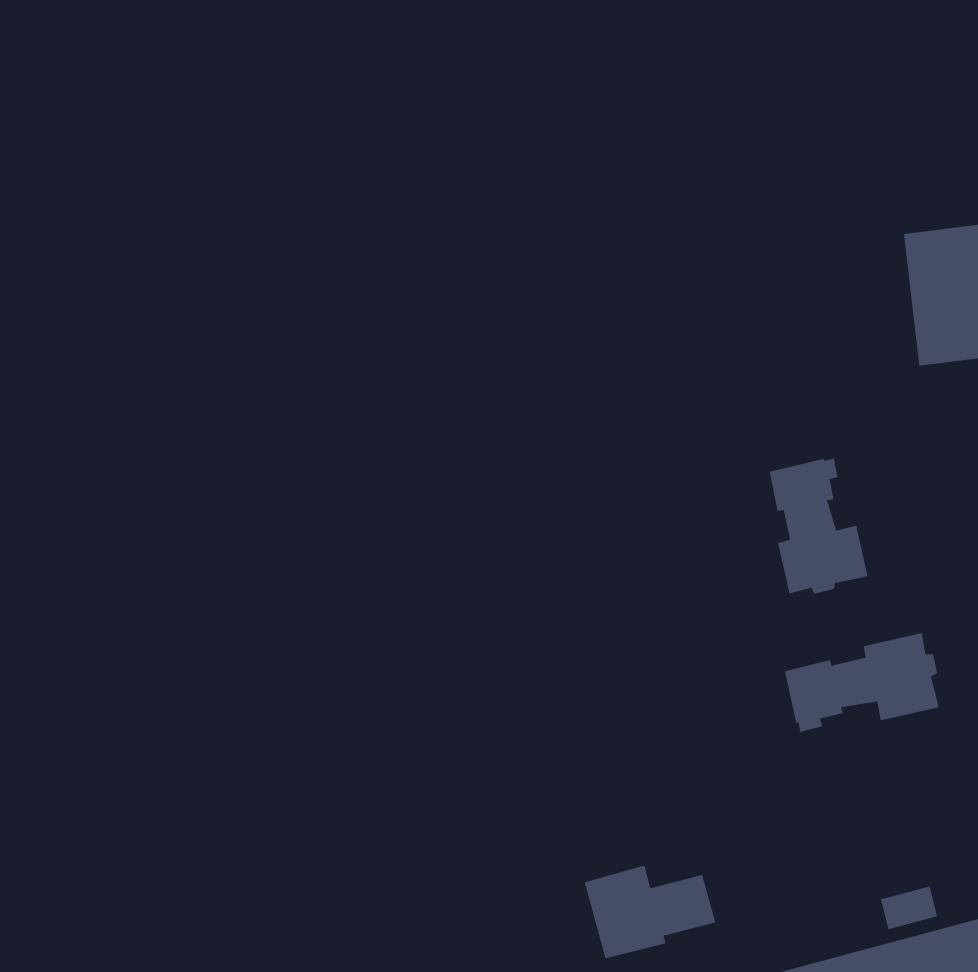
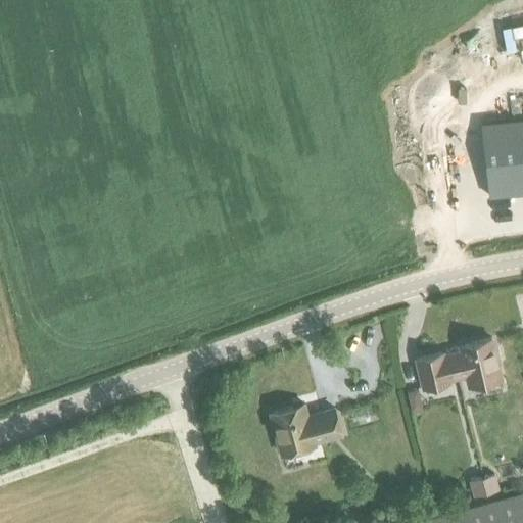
building: [769,458,868,594] -> none
building: [584,865,716,959] -> [272,407,342,457]

